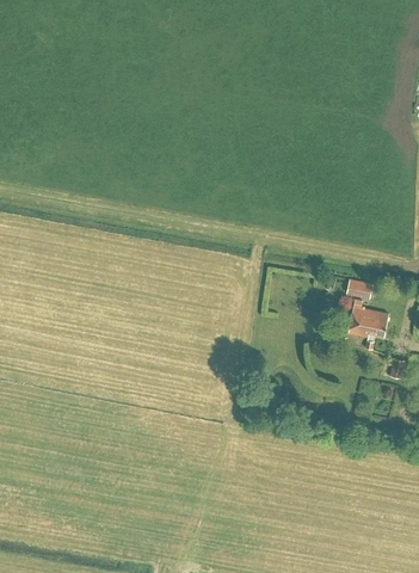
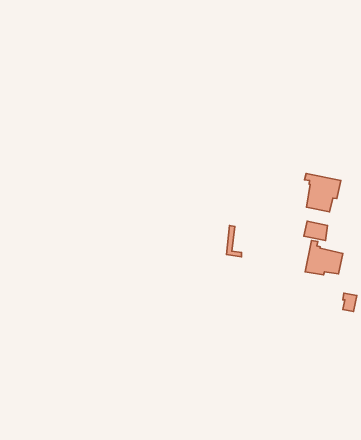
building: none -> [304,174,341,212]

